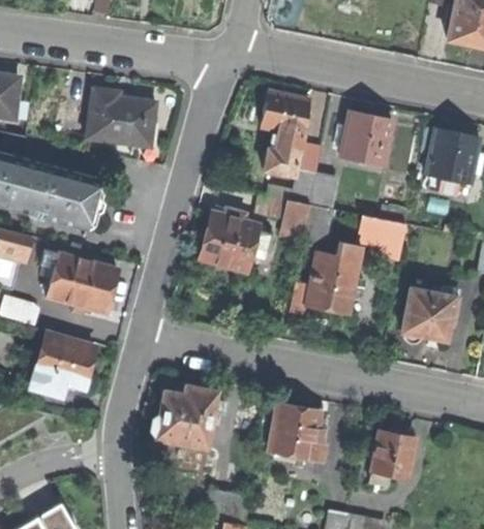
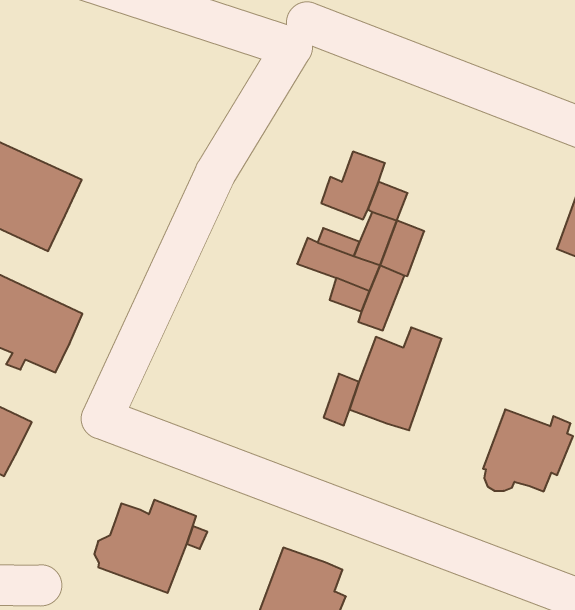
building: [86,88,155,146] -> none
building: [263,92,310,134] -> none
building: [340,112,393,165] -> none
building: [201,209,270,271] -> none
building: [359,212,407,256] -> none

